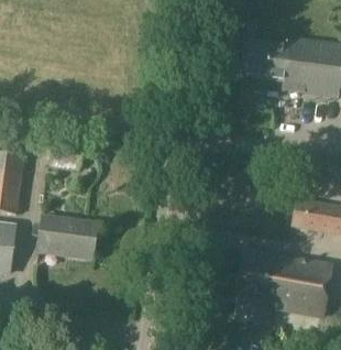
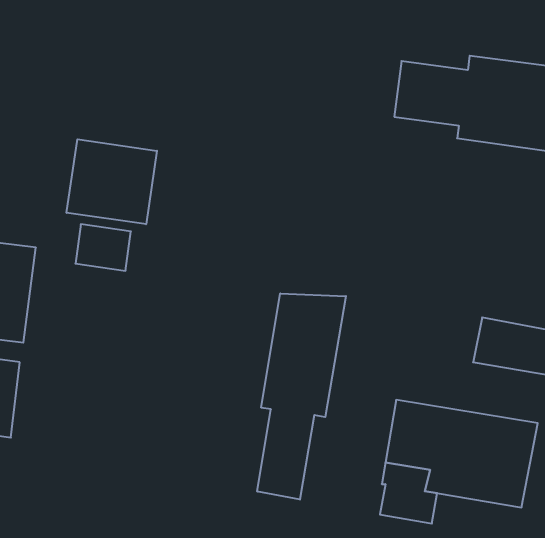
building: none -> [67,139,157,224]
building: none -> [257,293,346,500]
building: [38,216,97,256] -> none

